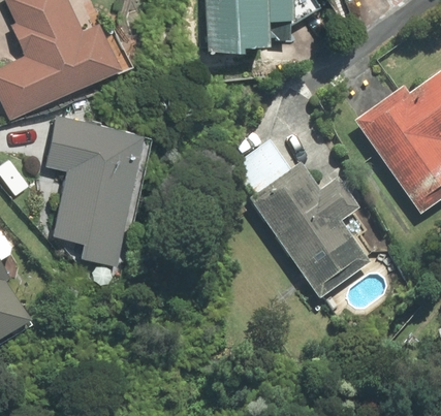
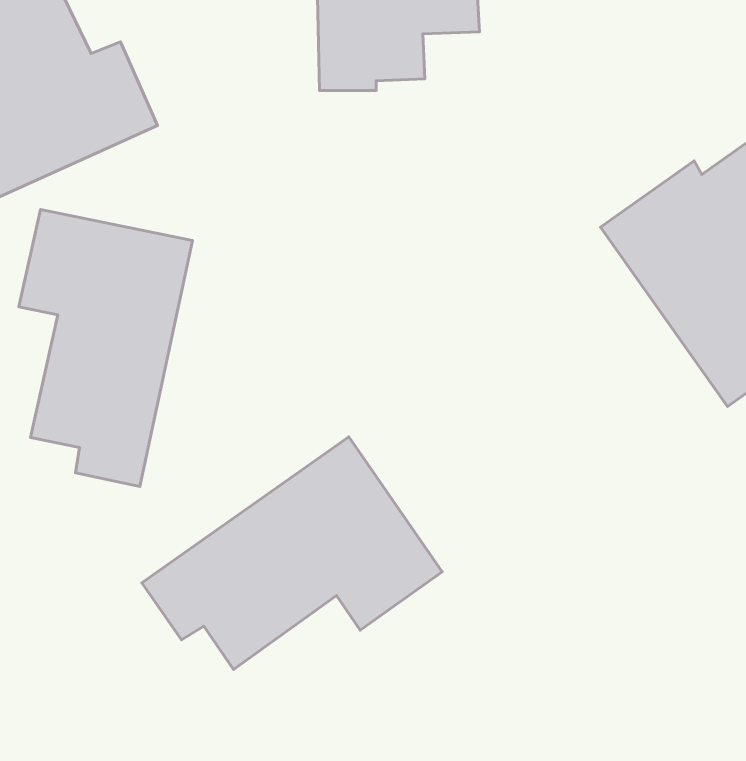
building: [234,141,373,300] -> none
building: none -> [142,437,442,669]

